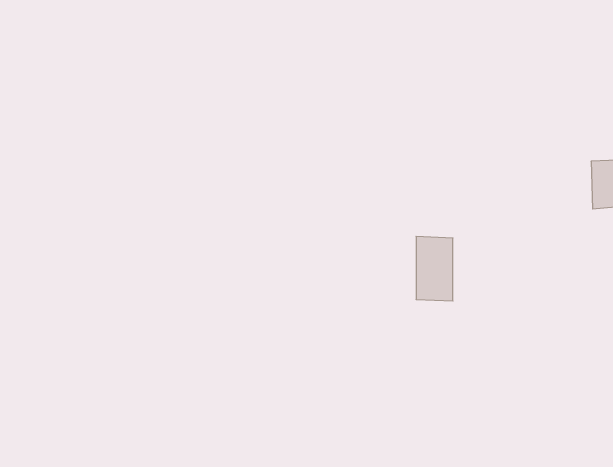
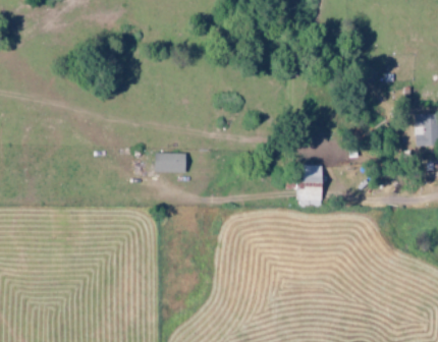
building: none -> [155,152,186,172]

